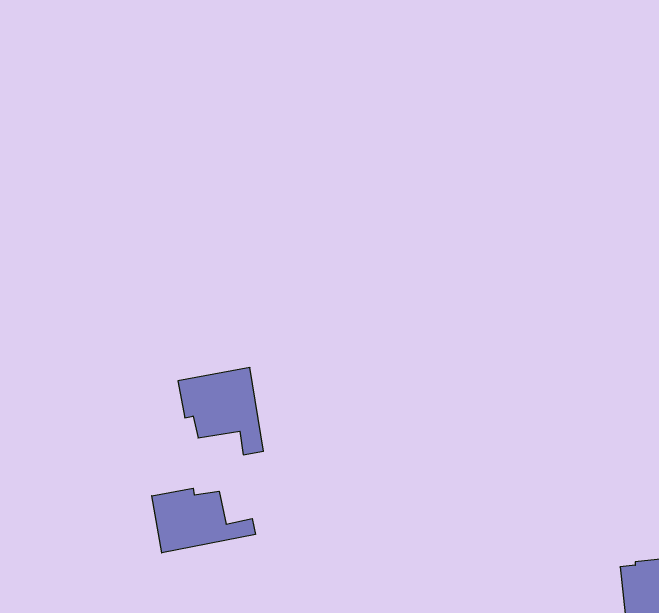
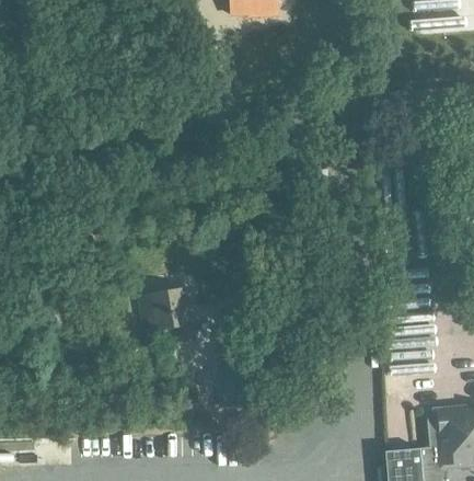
building: [152,488,255,553] -> none

